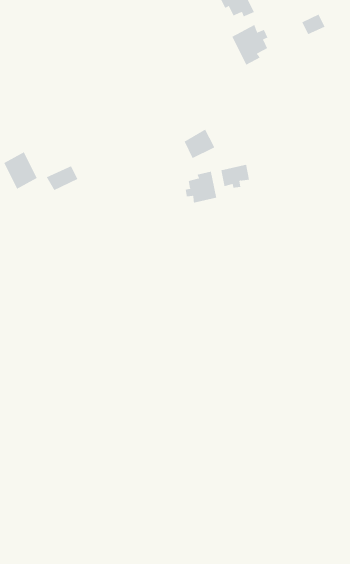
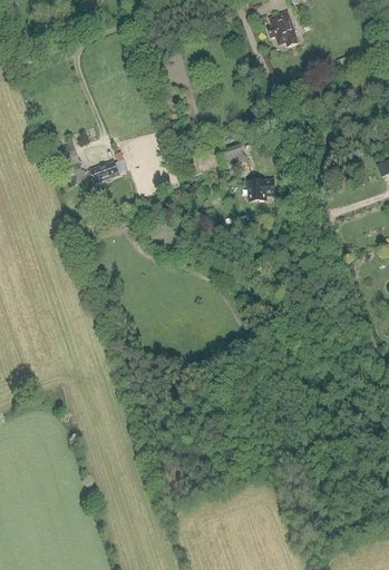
building: [231,24,268,66] -> none
building: [185,171,217,203] -> none

